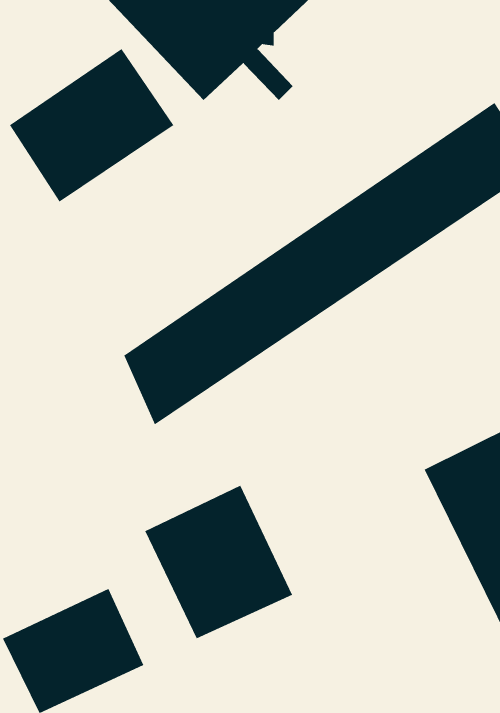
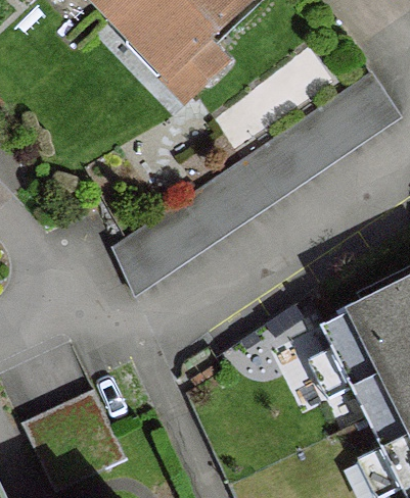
building: [9,48,174,203] -> none
building: [145,485,293,639] -> none

